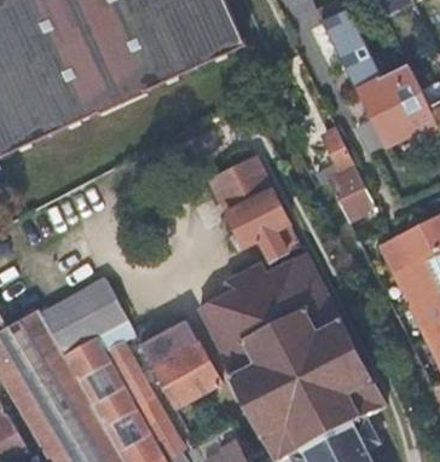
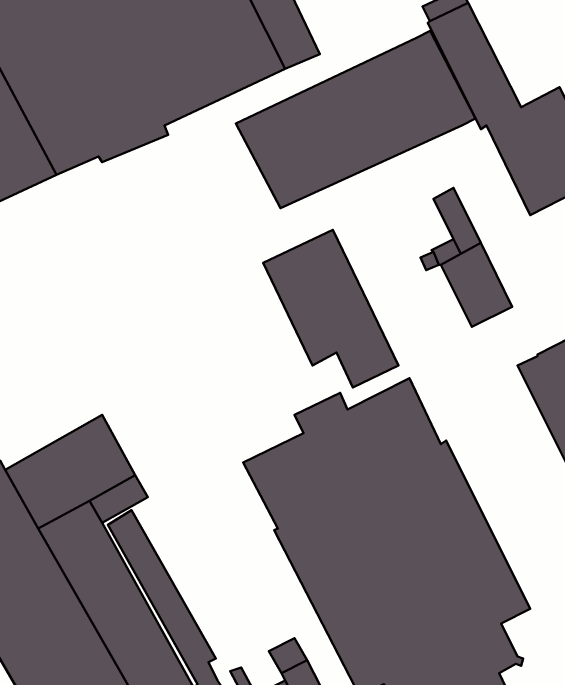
building: none -> [236,31,476,208]
building: [139,319,221,406] -> none

